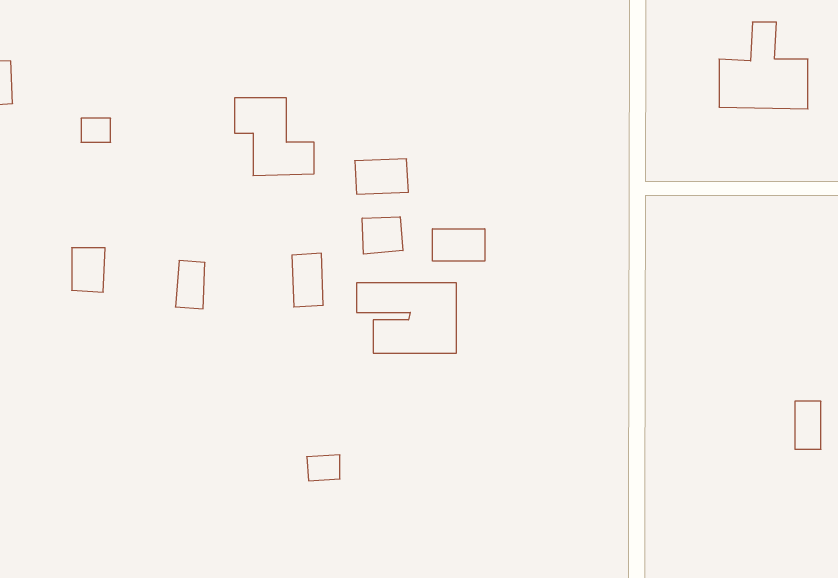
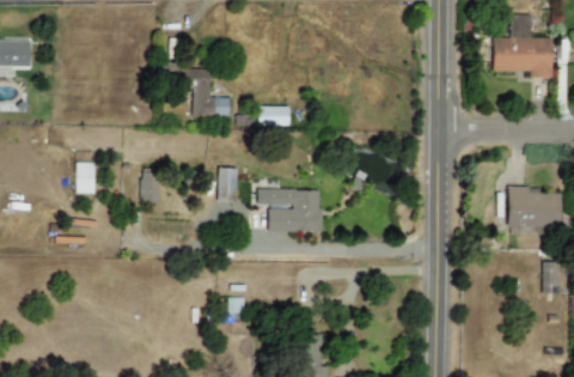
building: [362,217,403,254] -> none
building: [433,229,485,261] -> none
building: none -> [506,186,560,230]

